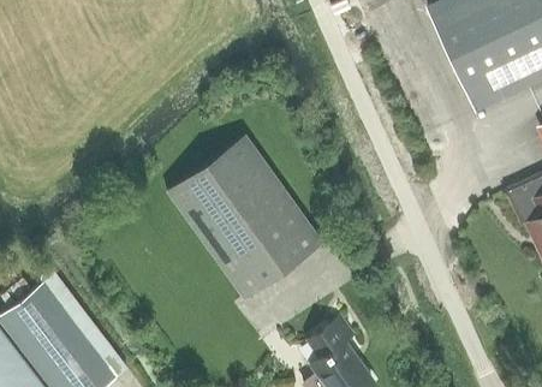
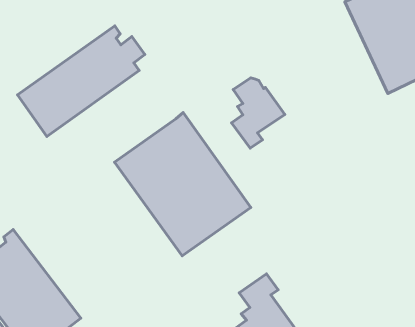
building: none -> [18,26,145,136]
building: none -> [232,78,285,148]

